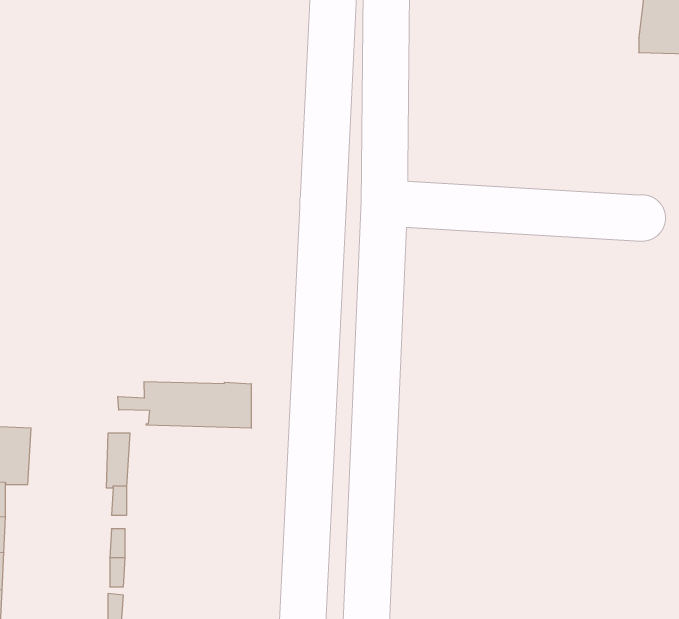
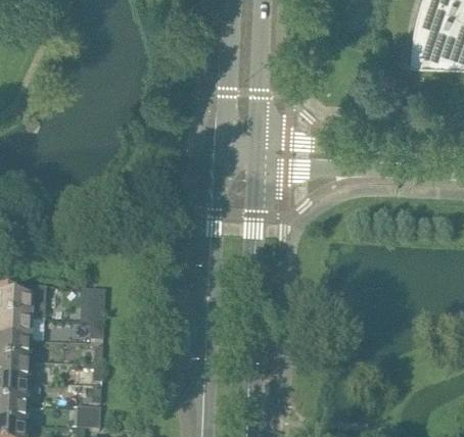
building: [118,382,251,428] -> none

